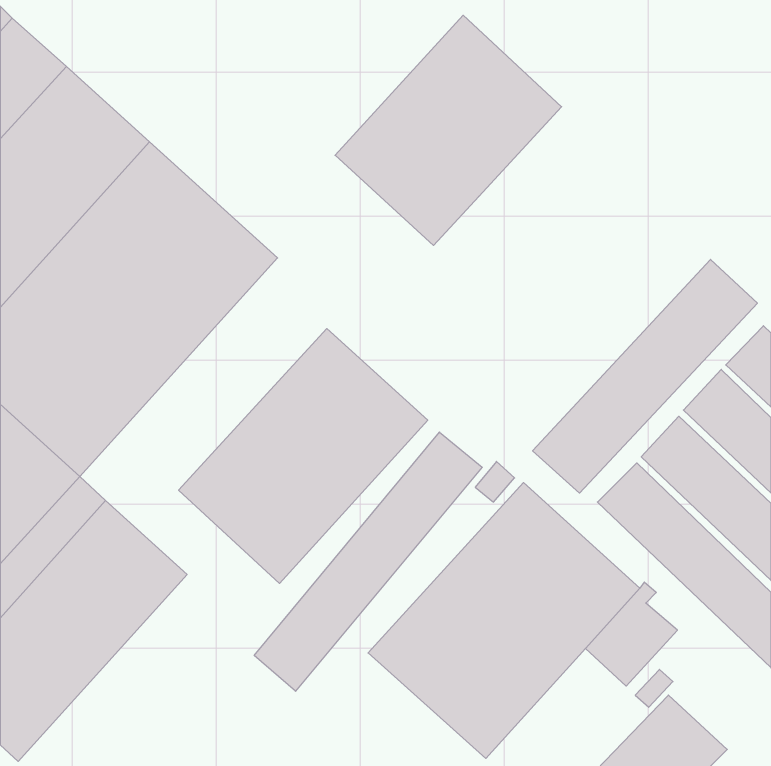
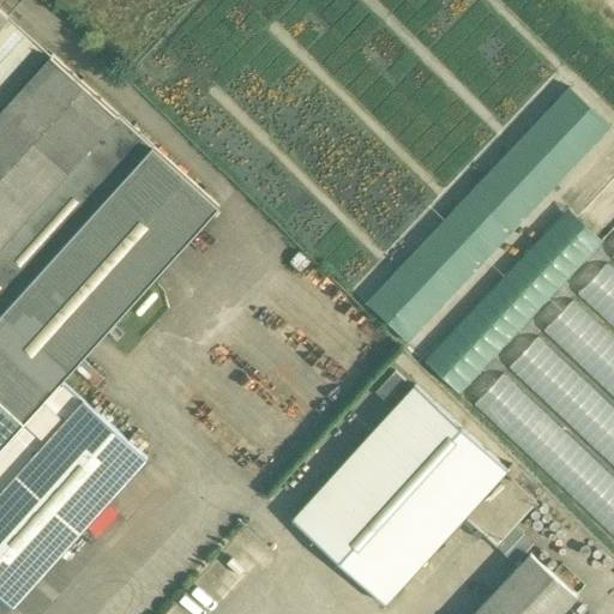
building: [335,15,562,245] -> none
building: none -> [354,85,608,344]
building: [179,329,428,583] -> none
building: [254,432,482,691] -> none

